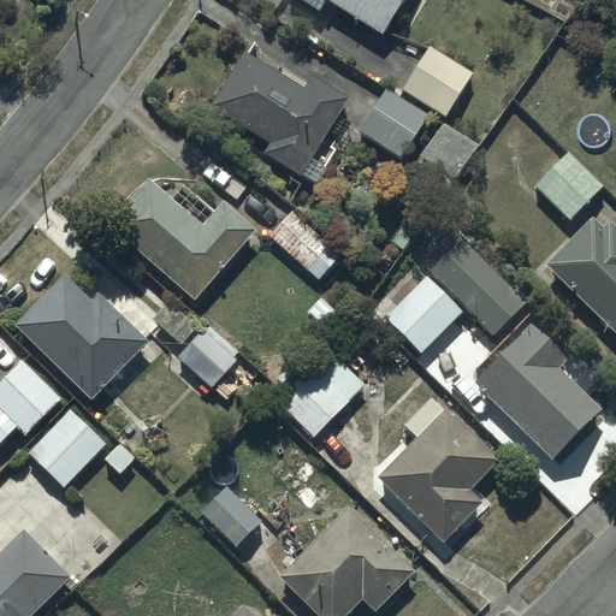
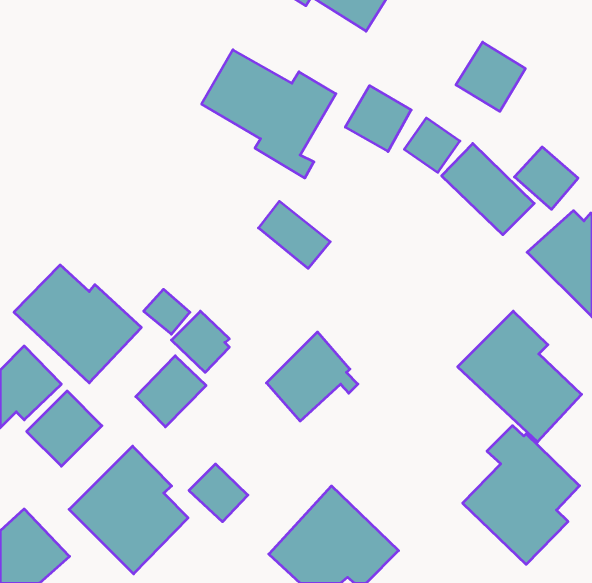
building: [401,45,473,117] -> [456,42,525,111]
building: [108,180,254,300] -> none
building: [430,239,526,334] -> [442,143,534,235]
building: [384,278,461,354] -> none
building: none -> [136,356,206,427]
building: [378,397,499,541] -> [463,426,580,564]
building: none -> [69,446,188,574]

